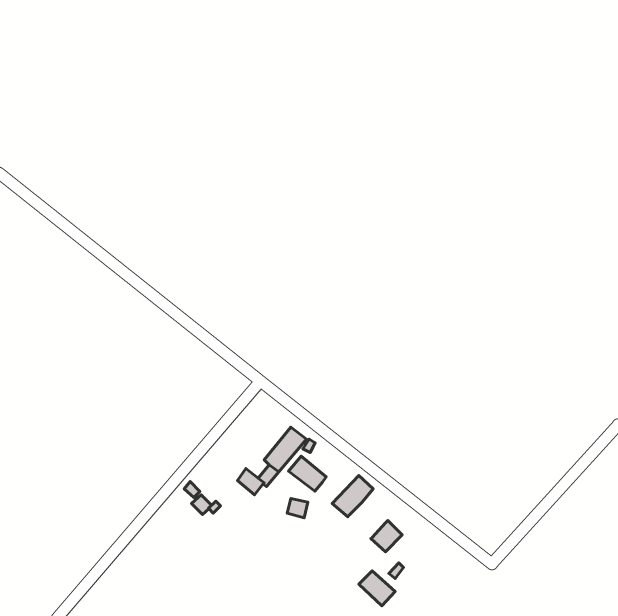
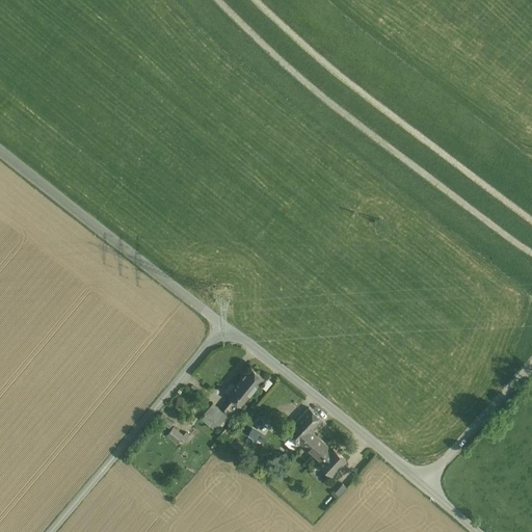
building: [289,456,326,491] -> none
building: [359,571,395,606] -> [299,433,330,463]

